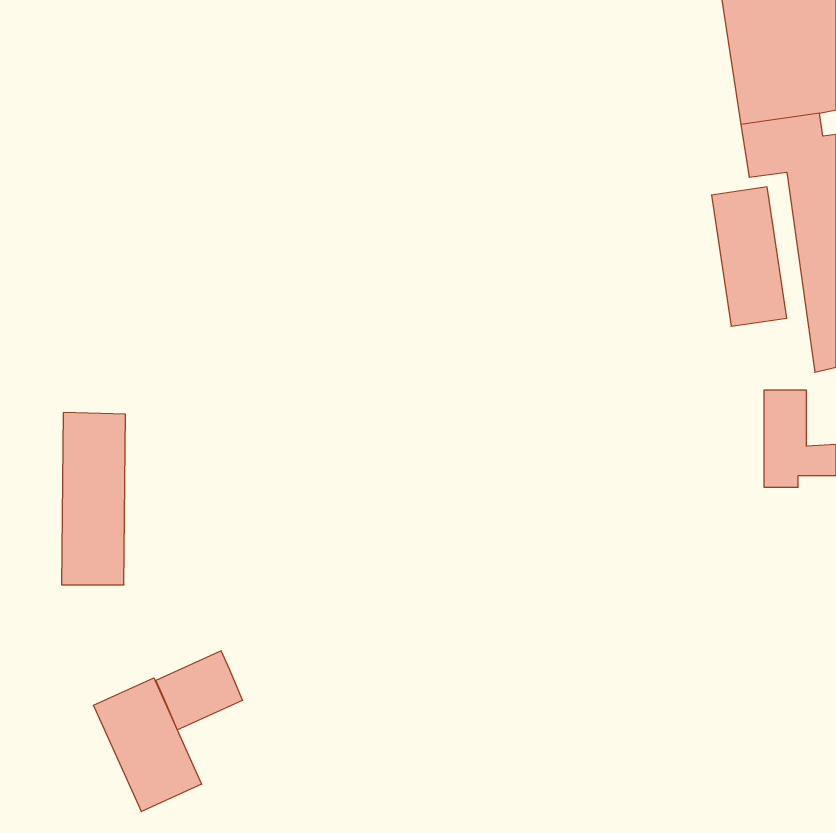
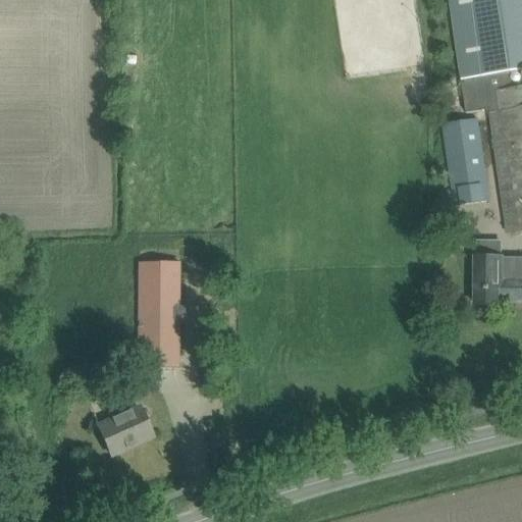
building: [62,413,125,585] -> [138,258,177,365]
building: [94,678,202,812] -> none

